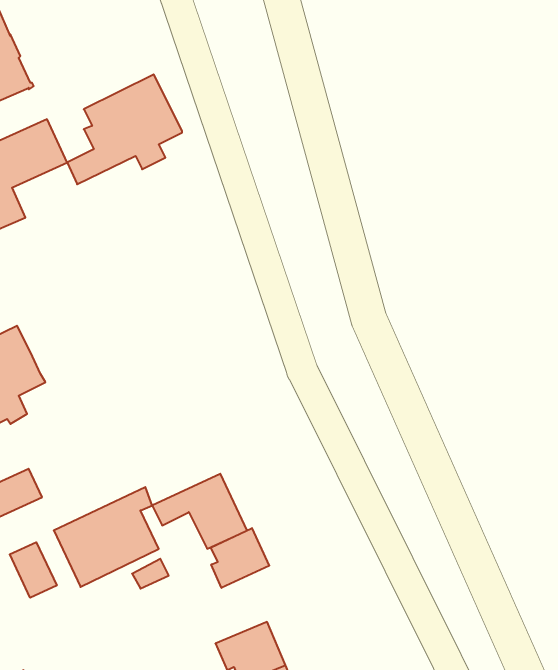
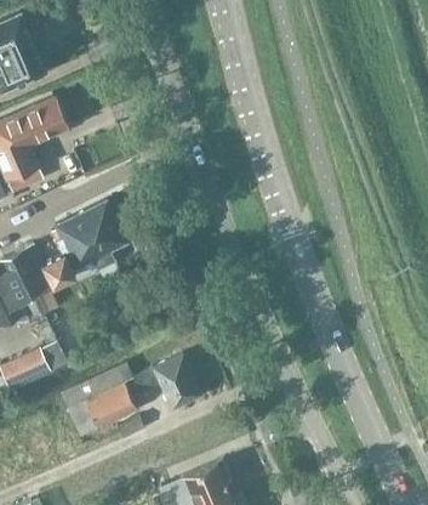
building: [67,74,182,184] -> [44,202,127,282]
building: [211,528,269,588] -> none
building: [10,542,57,598] -> none

